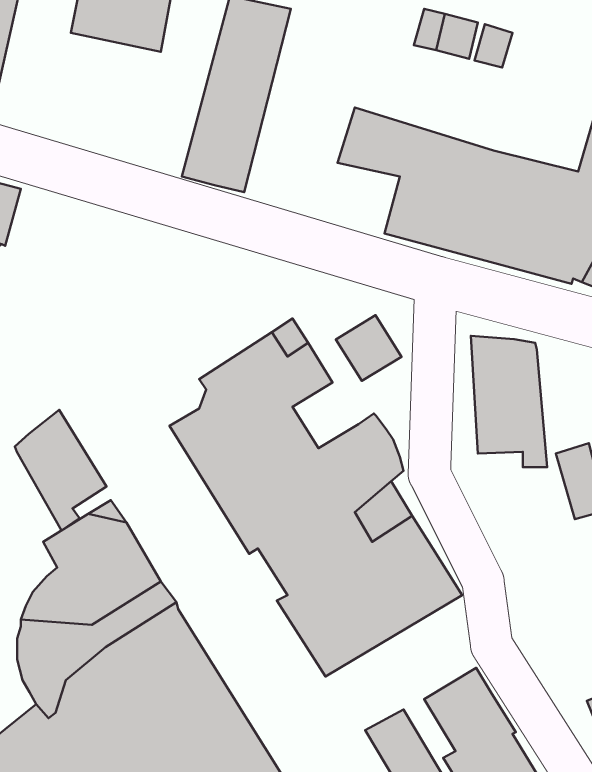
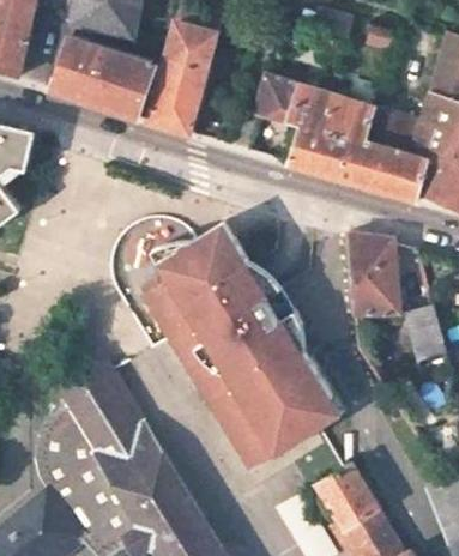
building: none -> [52,37,156,120]
building: [336,315,402,381] -> [225,267,271,313]
building: [15,410,107,530] -> none

